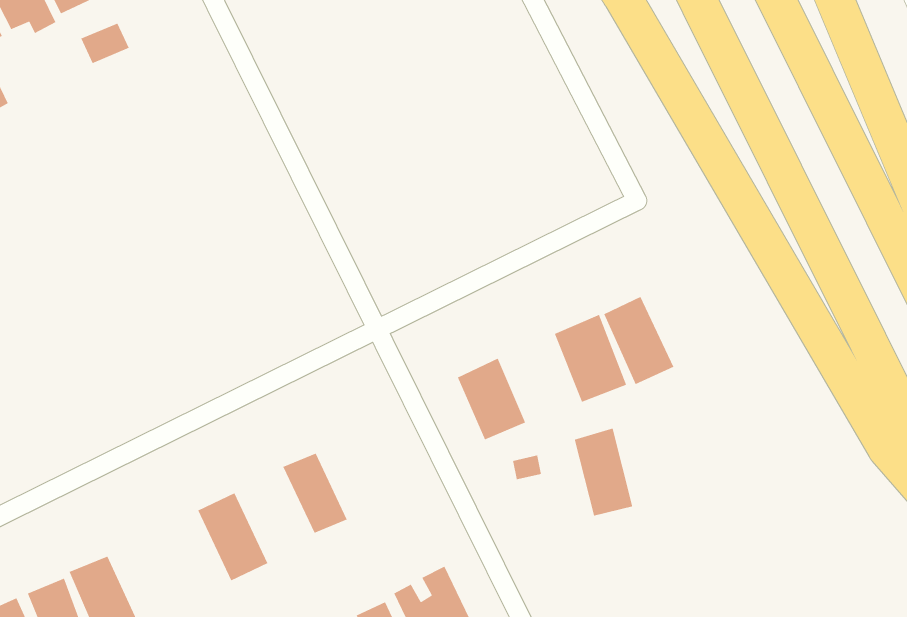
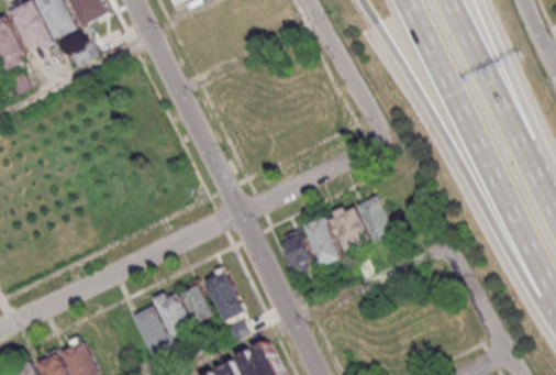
building: none -> [201,267,245,323]
building: [574,427,633,517] -> [305,218,338,267]
building: none -> [153,289,193,340]

